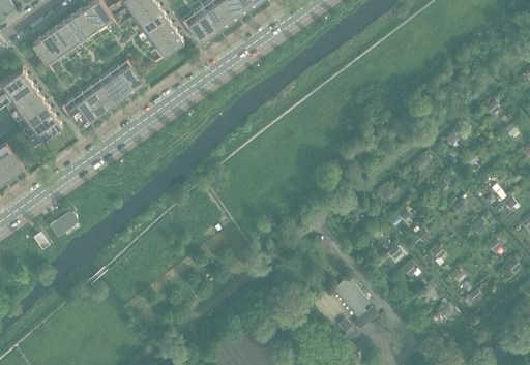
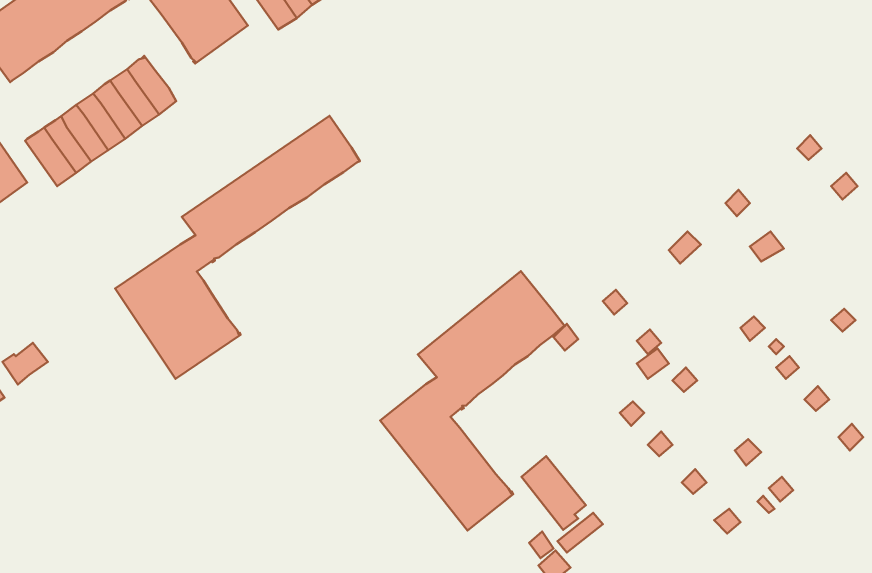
building: none -> [115,116,360,379]
building: none -> [380,271,565,530]

